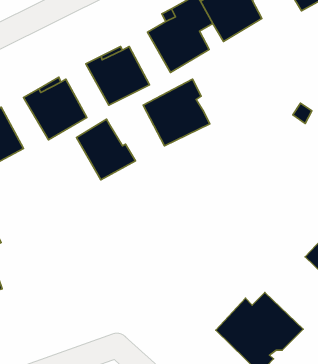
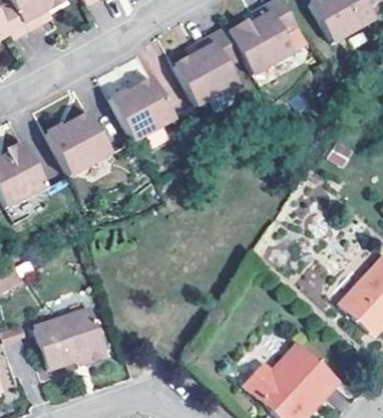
building: [143,79,210,146] -> none
building: [76,119,135,180] -> none
building: none -> [27,308,100,368]

